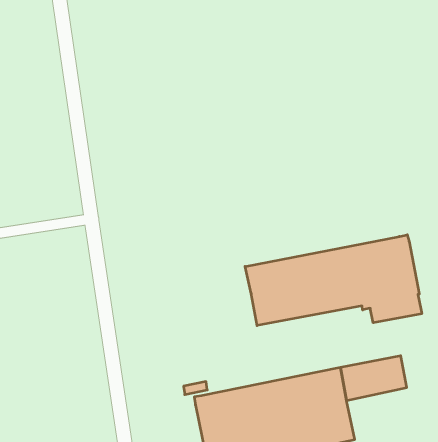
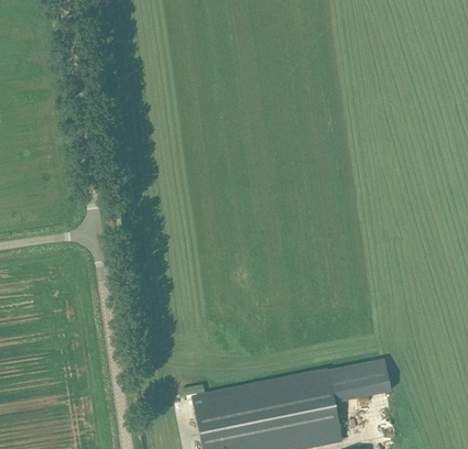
building: [245,235,422,326] -> none

